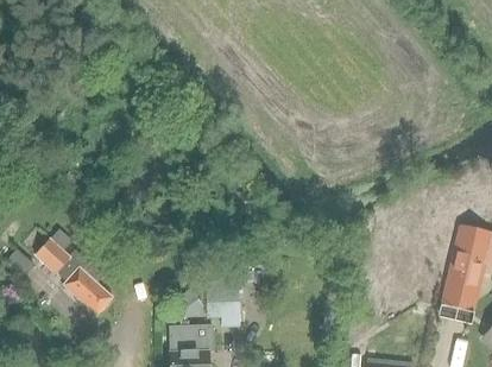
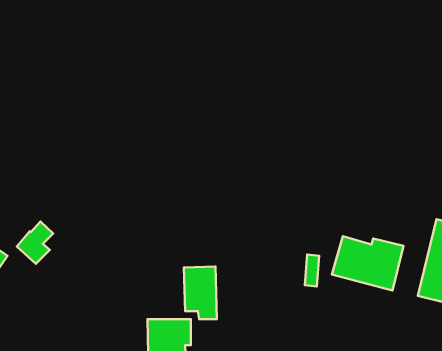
building: none -> [332,236,403,291]
building: [57,251,112,314] -> none

